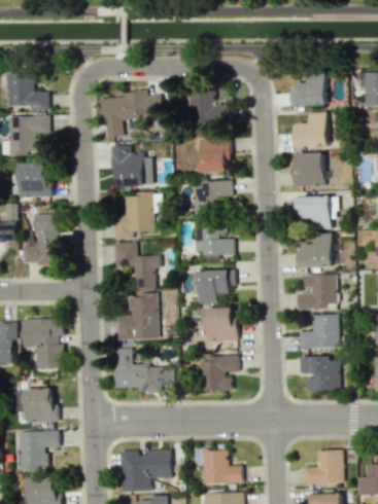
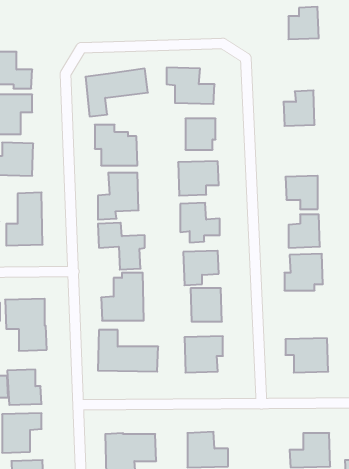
building: [296,73,325,105] -> [288,7,319,39]
building: [291,151,323,187] -> none
building: [299,313,341,348] -> none

